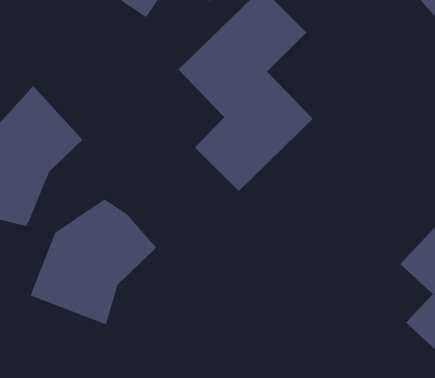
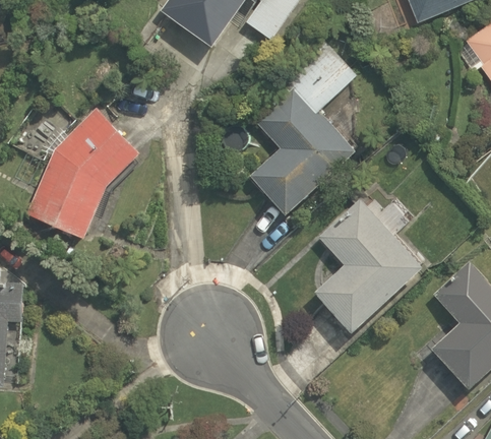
building: none -> [316,196,430,332]
building: [30,199,157,325] -> none

